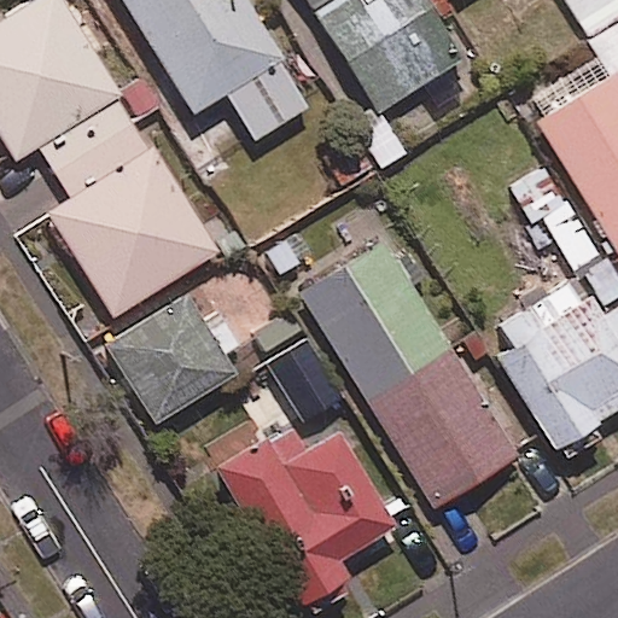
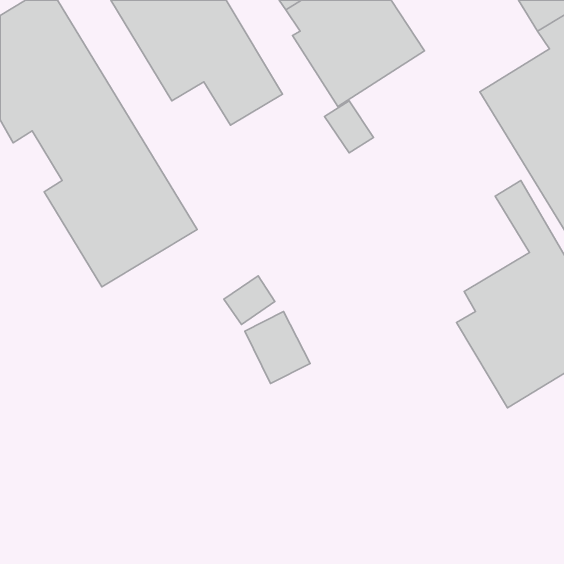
building: [302,241,519,508] -> none
building: [109,296,237,422] -> none
building: [216,427,398,608] -> none

